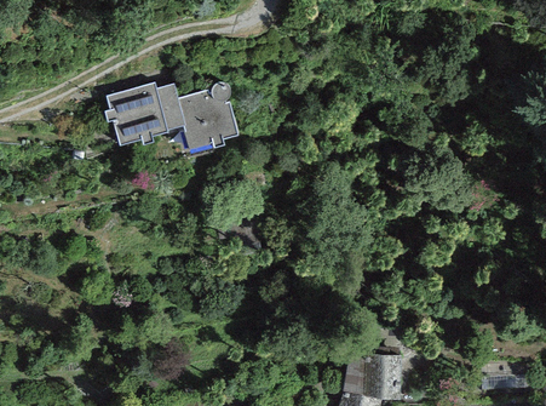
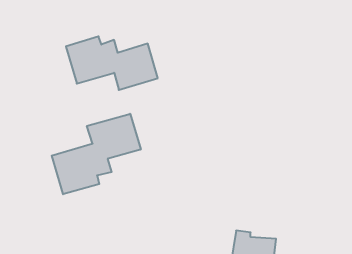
building: none -> [52,114,141,194]

